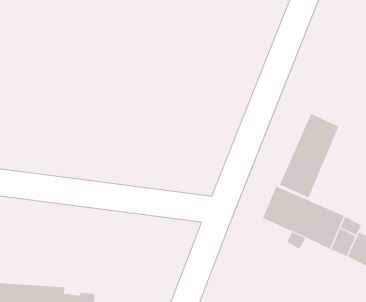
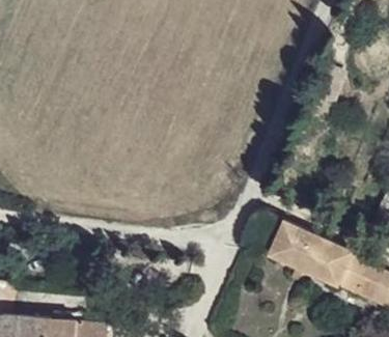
building: [279,113,339,198] -> none

